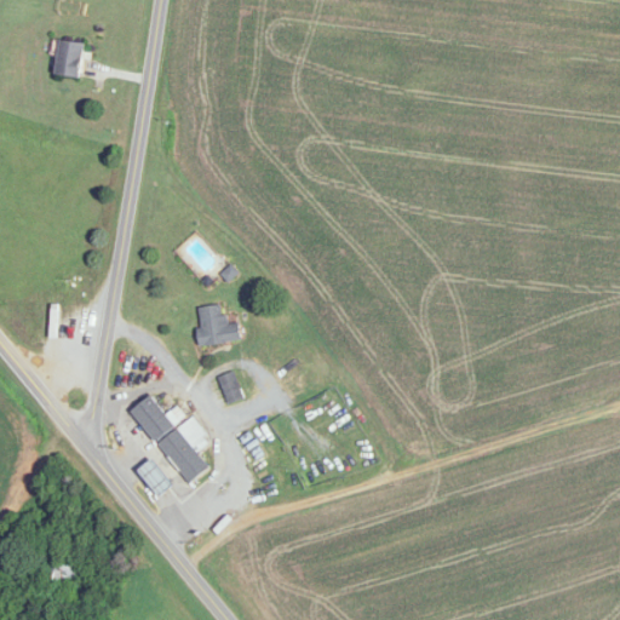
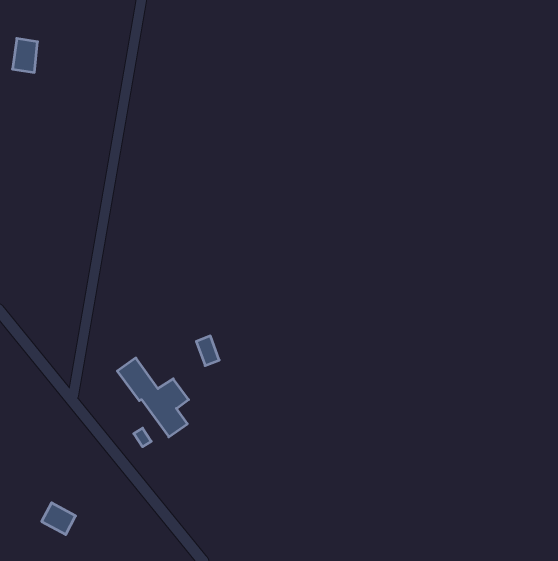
building: [53,40,81,78] -> [12,38,38,72]
building: [196,305,239,345] -> none

